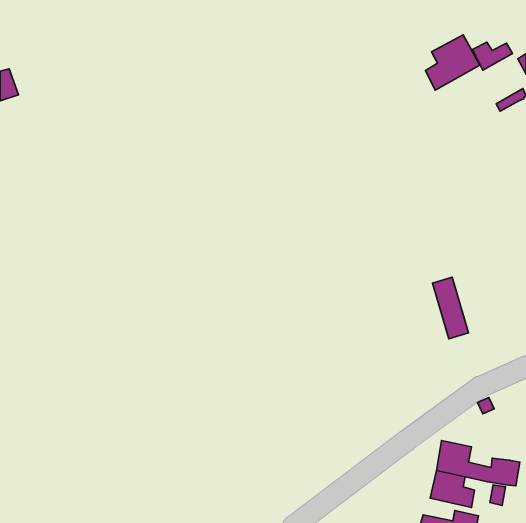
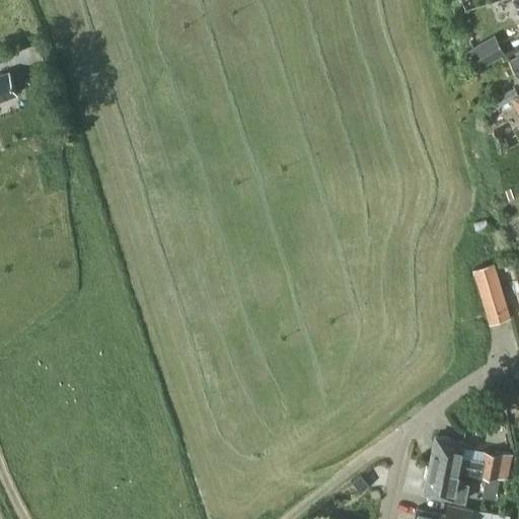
building: [425,35,480,90] -> none
building: [432,277,469,339] -> [474,265,510,325]

